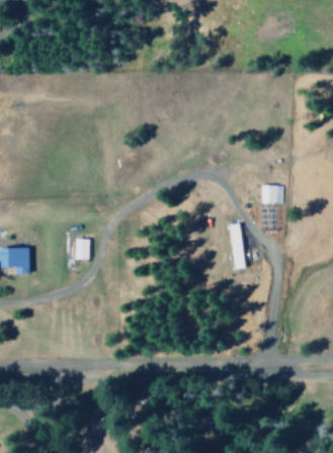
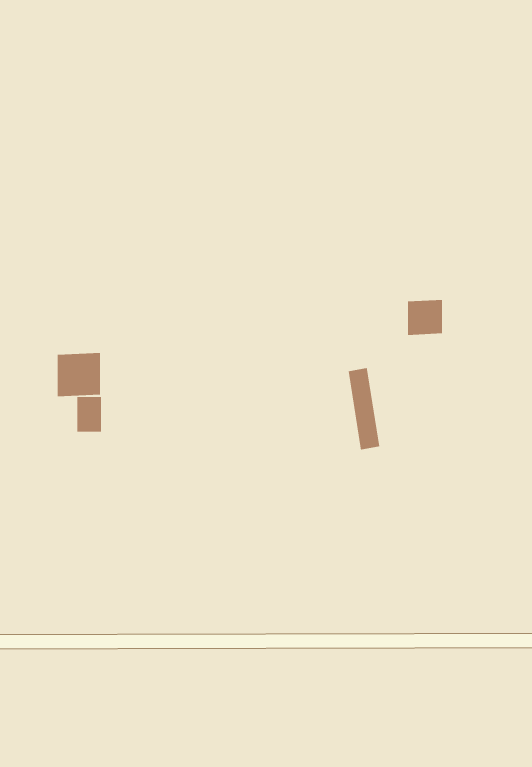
building: none -> [57,352,100,397]

